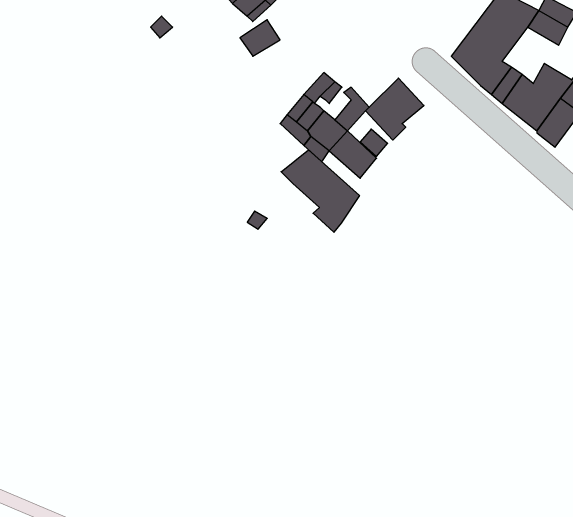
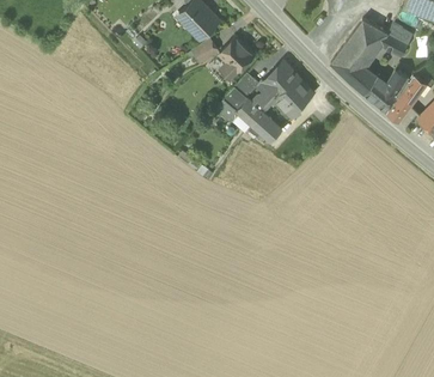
building: none -> [219,37,253,79]
building: none -> [263,61,298,96]
building: [281,150,359,232] -> none

